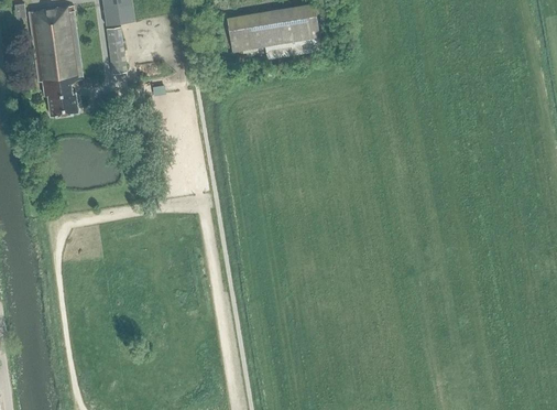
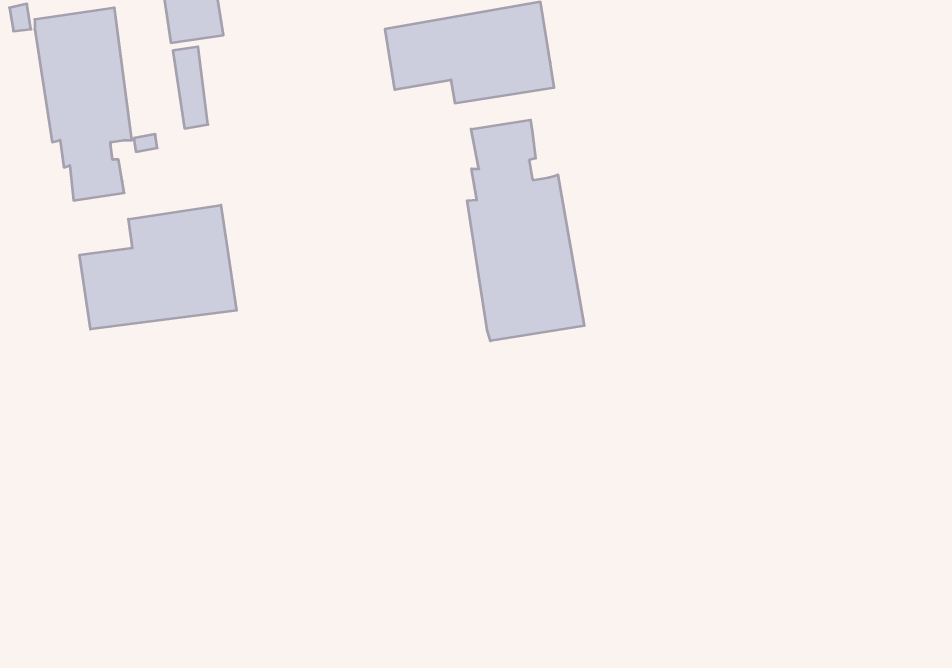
building: none -> [467,120,584,341]
building: none -> [80,205,237,329]

